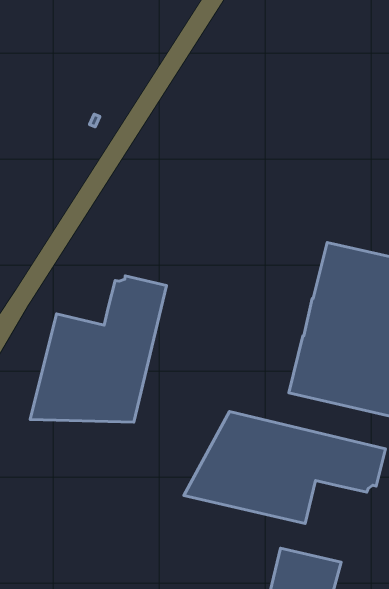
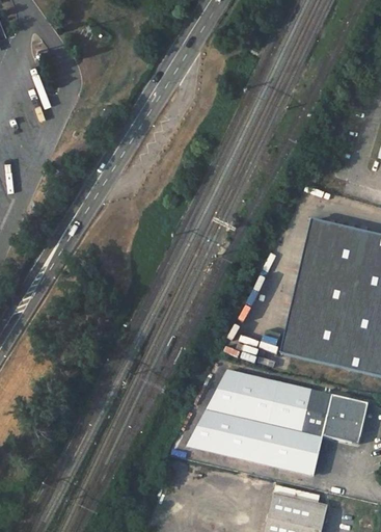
building: [30,276,166,422] -> none
building: none -> [295,431,322,474]

